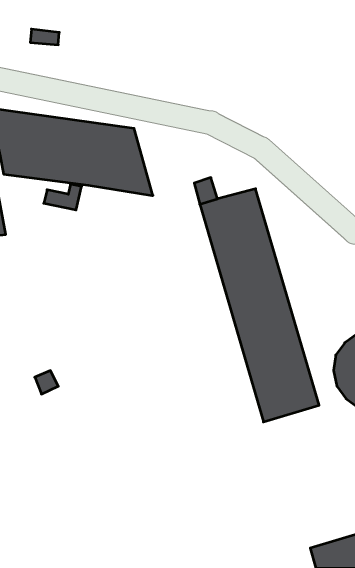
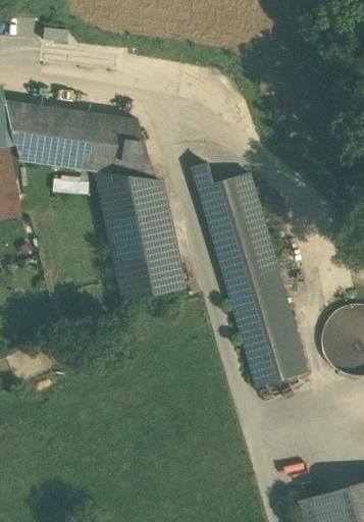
building: none -> [96,171,184,300]

